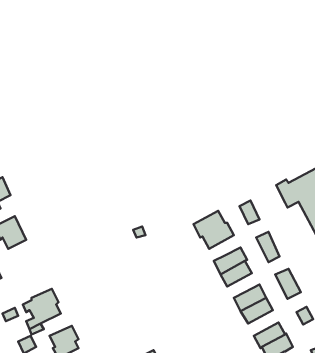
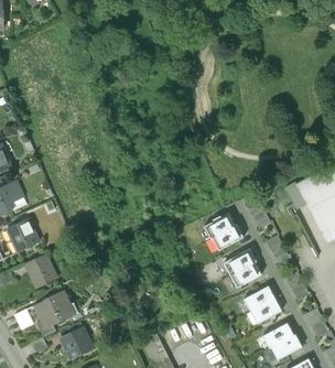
building: none -> [26,253,55,288]

